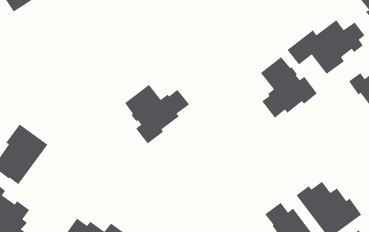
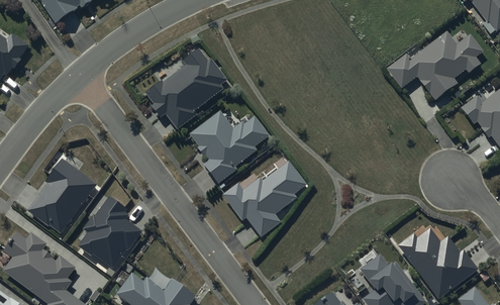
building: none -> [146,48,227,130]
building: [260,56,318,119] -> none
building: none -> [222,162,306,237]
building: none -> [79,197,141,269]

